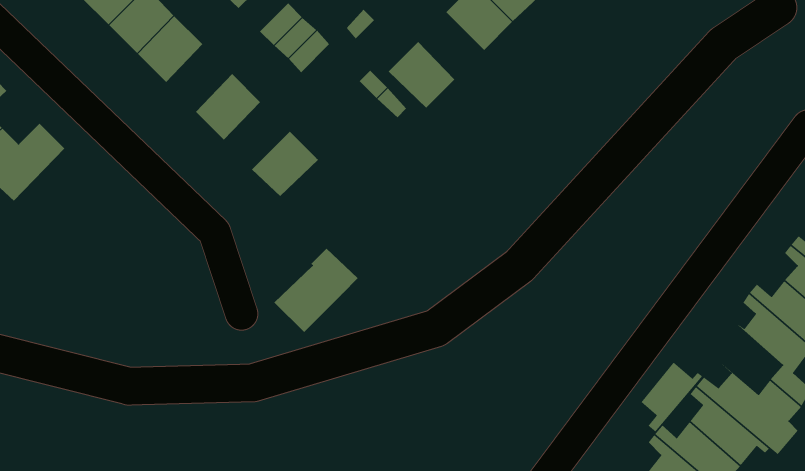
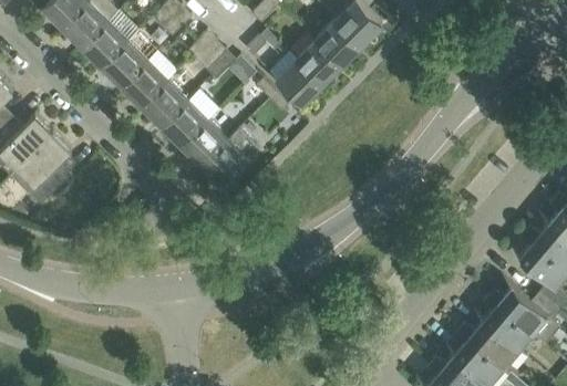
building: none -> [297,39,342,85]
building: none -> [123,61,168,107]
building: none -> [163,101,208,147]
building: none -> [18,133,72,206]
building: [274,248,359,333] -> [202,128,260,187]
building: [641,361,703,433] -> none

